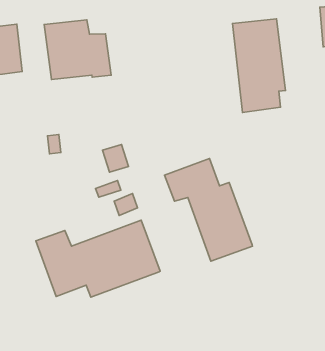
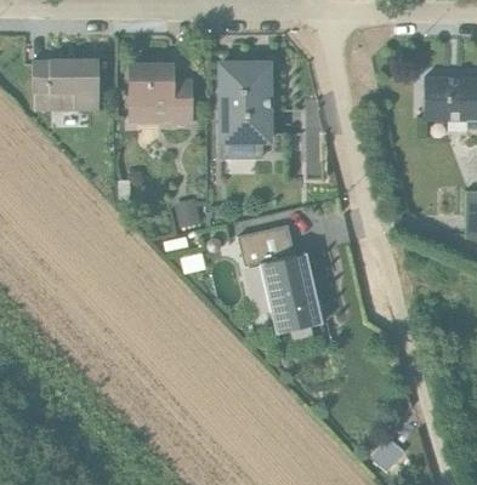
building: [232,19,286,112] -> [221,63,269,159]
building: [36,220,160,297] -> none

